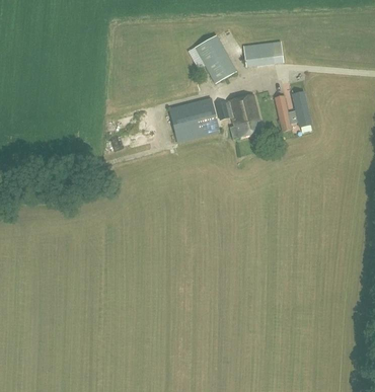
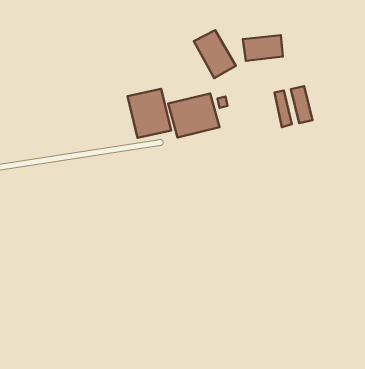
building: none -> [127,89,171,138]
building: [227,94,261,139] -> none

